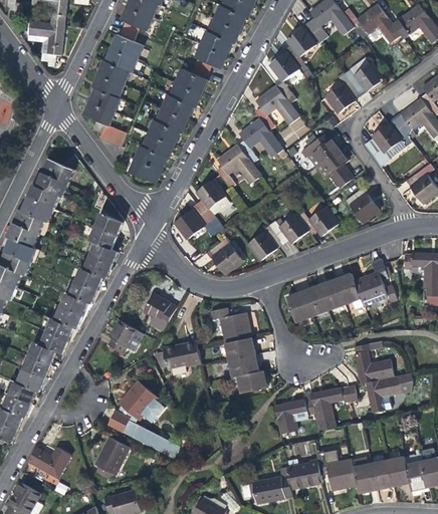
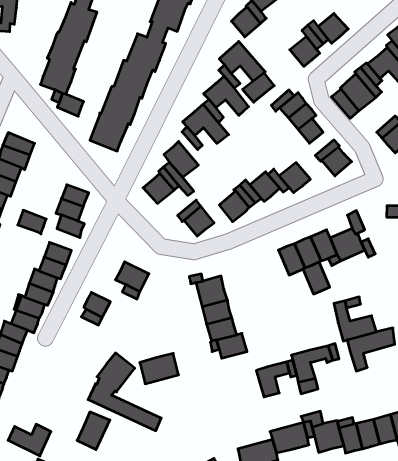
building: [82,257,111,281] -> [18,210,46,234]
building: [287,290,312,321] -> [303,262,330,294]
building: [164,341,201,369] -> [140,353,179,384]

